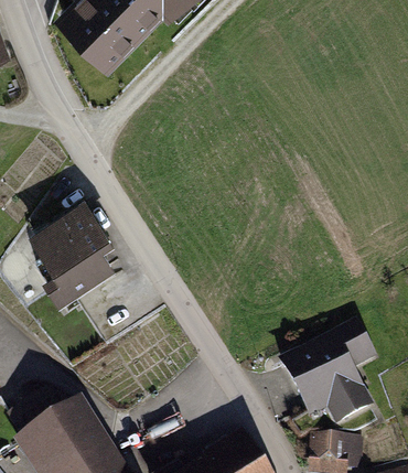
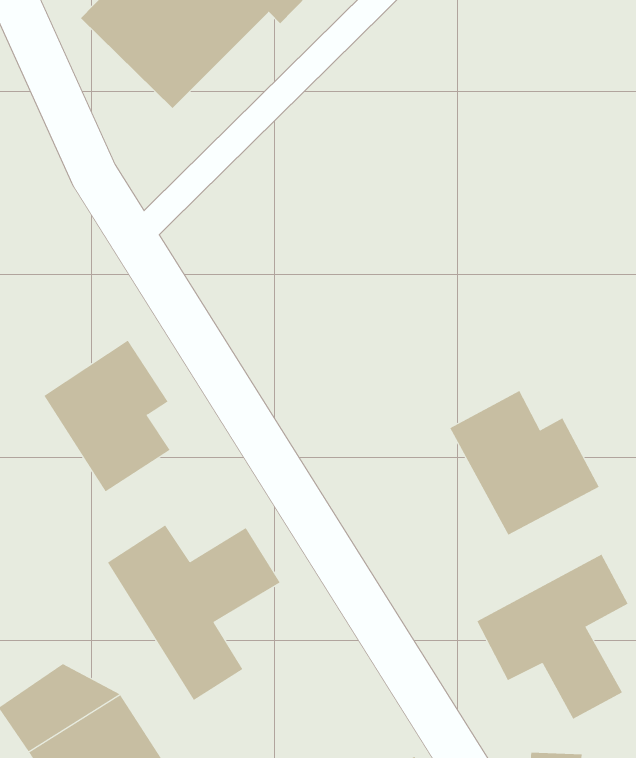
building: none -> [449,390,600,535]
building: none -> [107,524,280,701]

